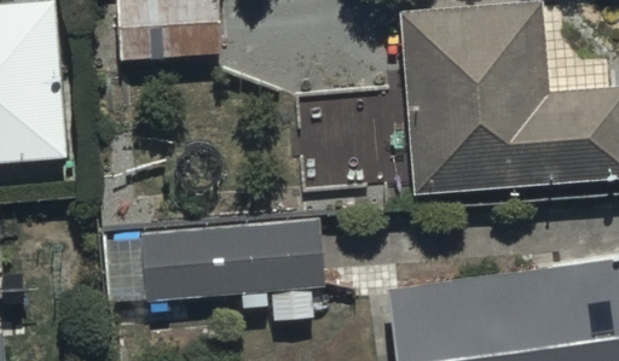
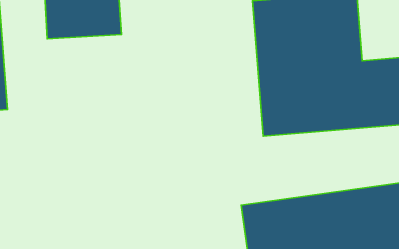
building: [140,221,324,301] -> none

